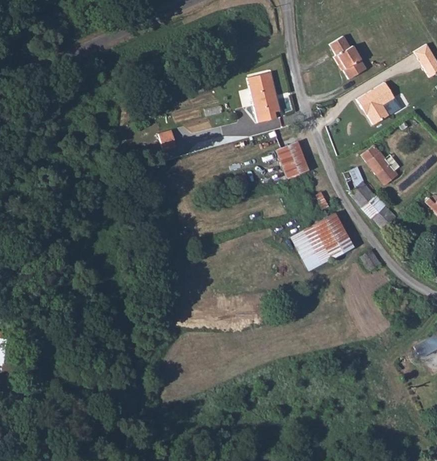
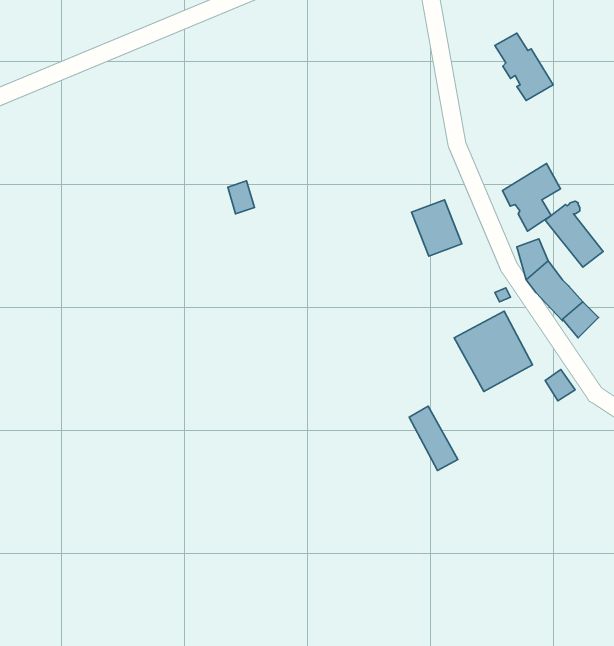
building: [247,73,279,123] -> none
building: [357,82,394,125] -> [502,164,561,231]
building: [291,230,322,271] -> [409,406,458,471]

